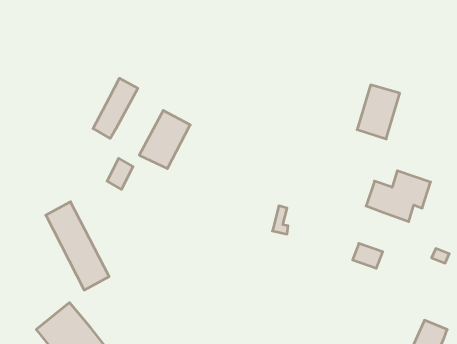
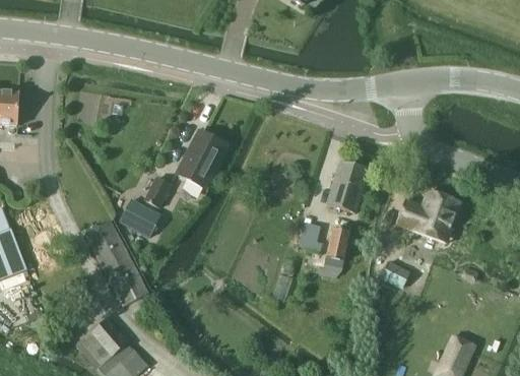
building: [93,78,138,138] -> none
building: [357,85,400,139] -> [326,160,368,212]
building: none -> [120,199,159,236]
building: none -> [325,229,349,260]

